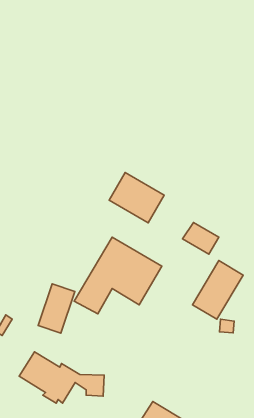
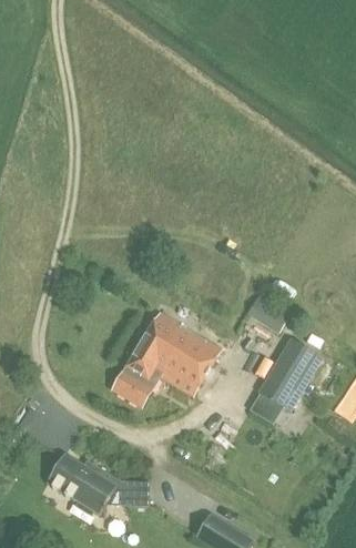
building: [109,173,164,223] -> none
building: [38,284,75,333] -> none

